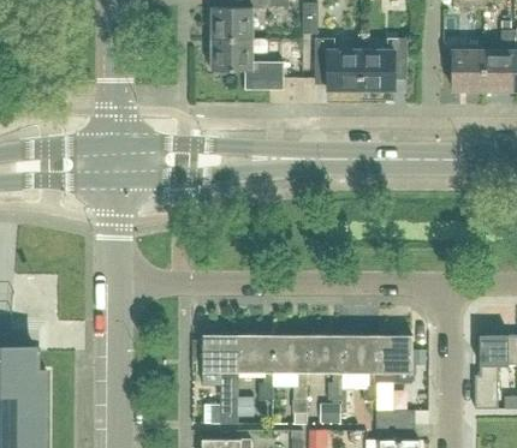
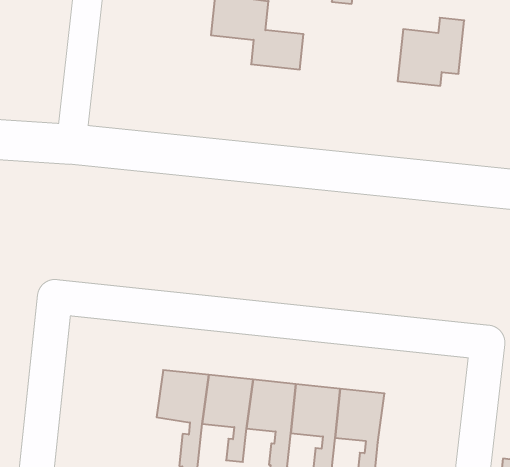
building: [315,38,361,91] -> none
building: [375,330,411,382] -> none

